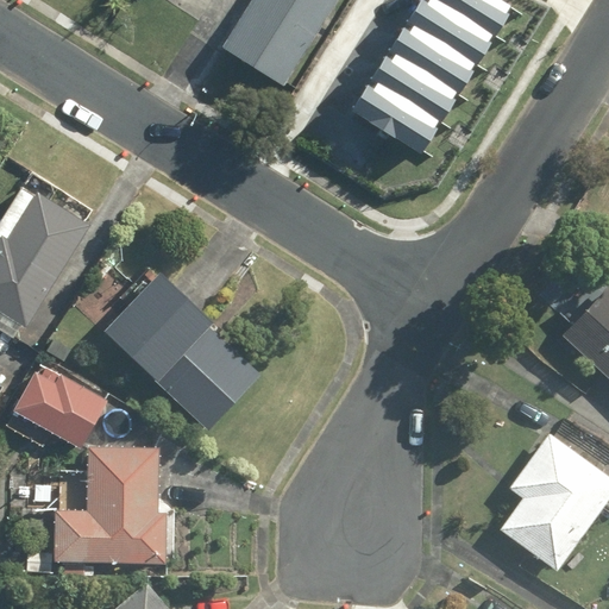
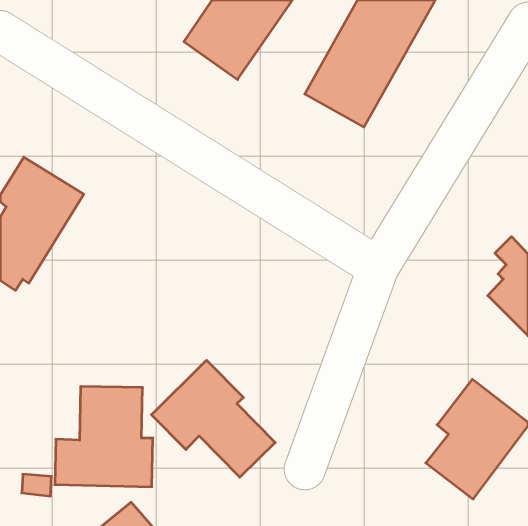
building: [113,269,269,432] -> none
building: [20,370,117,448] -> none
building: none -> [151,360,275,477]

